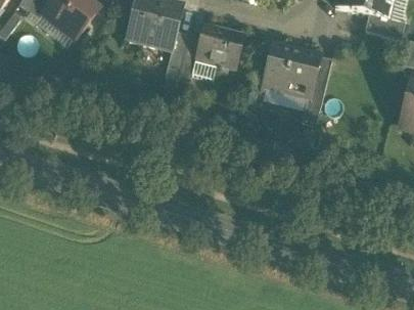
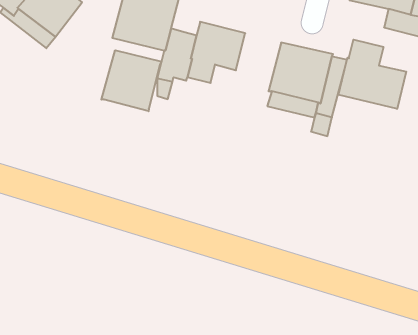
building: none -> [338,40,406,109]
building: none -> [101,50,162,111]

